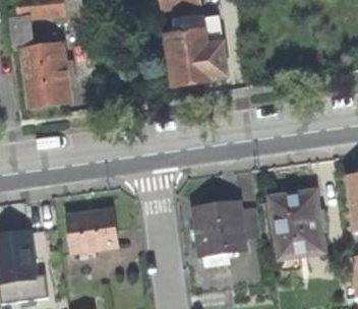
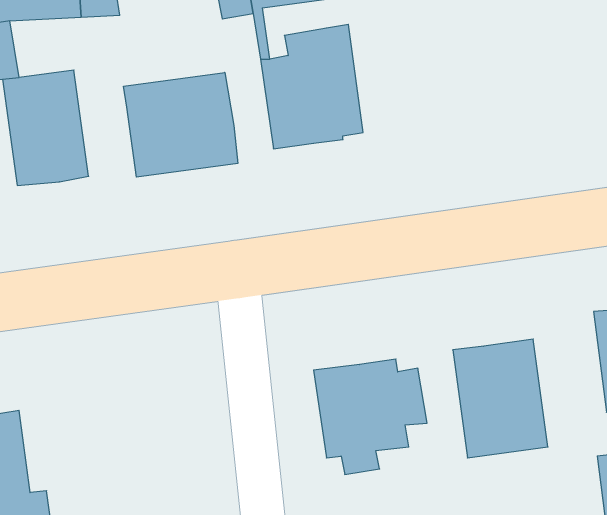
building: none -> [124,72,238,177]
building: [68,208,119,252] -> none

